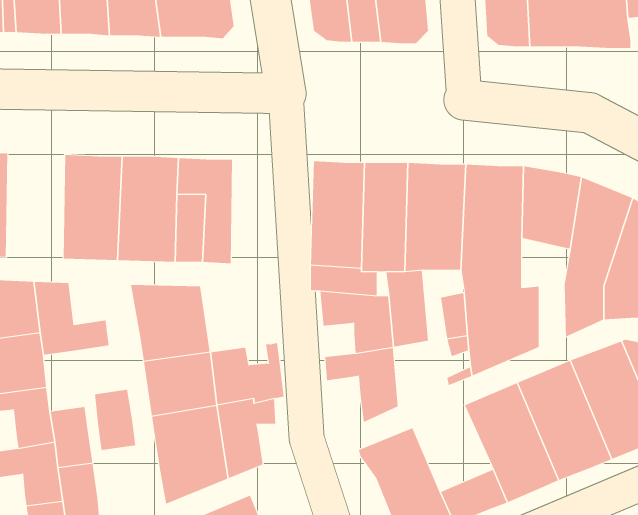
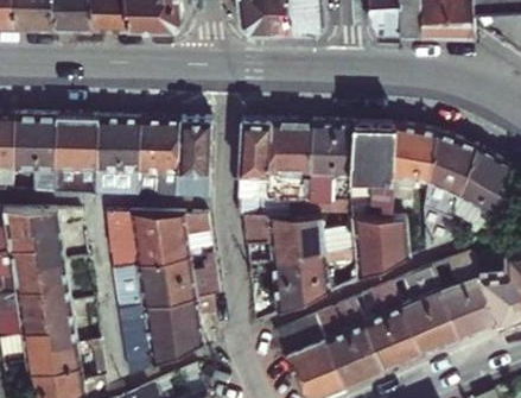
building: none -> [13,115,56,194]
building: none -> [179,120,211,198]
building: none -> [157,214,209,263]
building: none -> [299,254,329,303]
building: [94,389,136,450] -> [40,261,71,307]
building: none -> [313,302,373,366]

